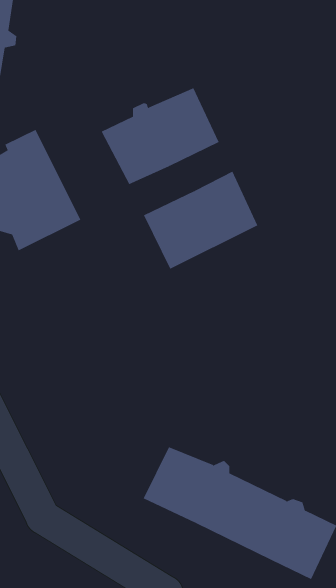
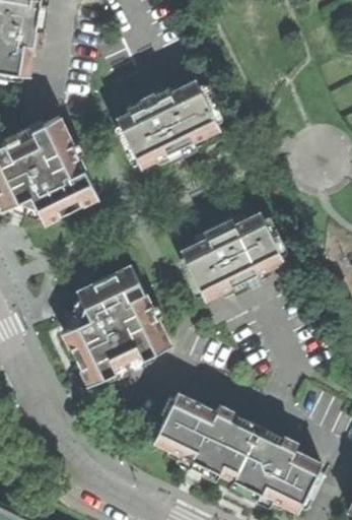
building: [143,171,258,270] -> [182,211,282,298]
building: none -> [63,265,169,384]

